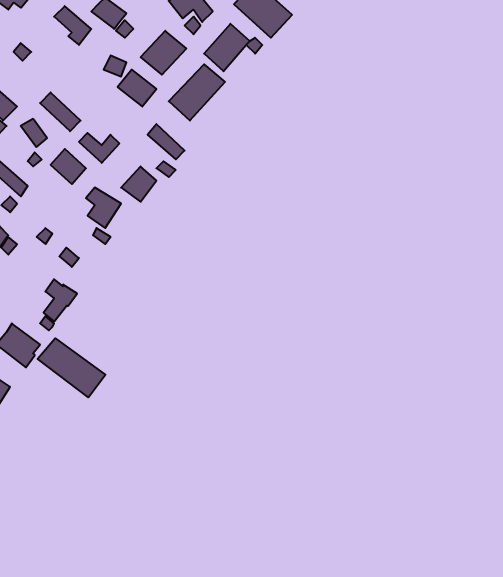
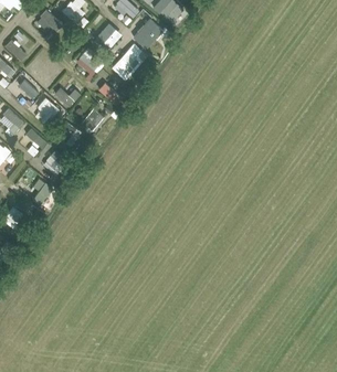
building: [38,338,105,397] -> none

